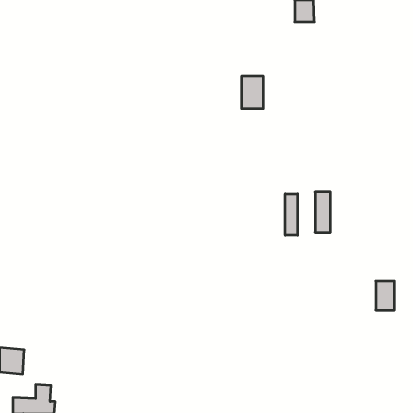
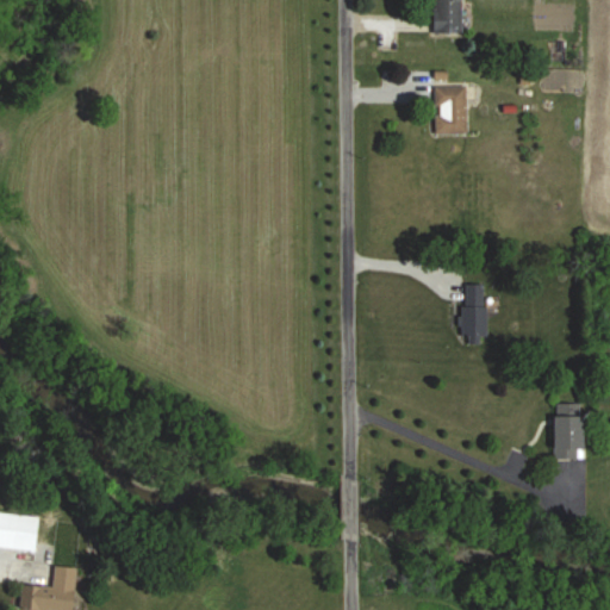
building: [242,76,263,109] -> [434,86,466,133]
building: [285,194,298,235] -> none

